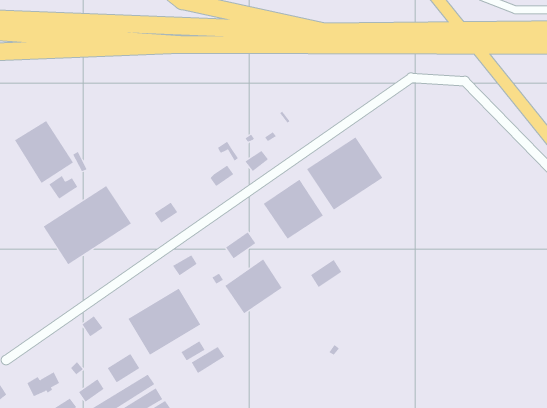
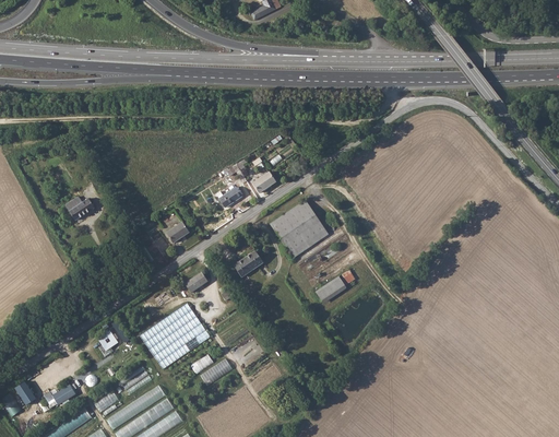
building: [14,120,74,184] -> none
building: [306,136,383,211] -> none
building: [43,185,132,265] -> none
building: [224,259,283,314] -> none

